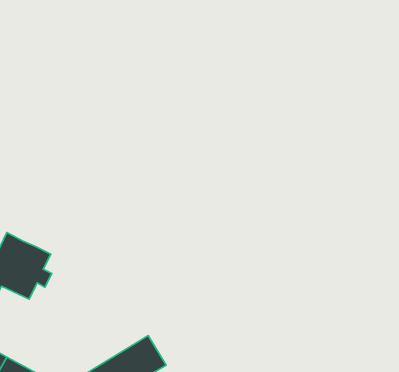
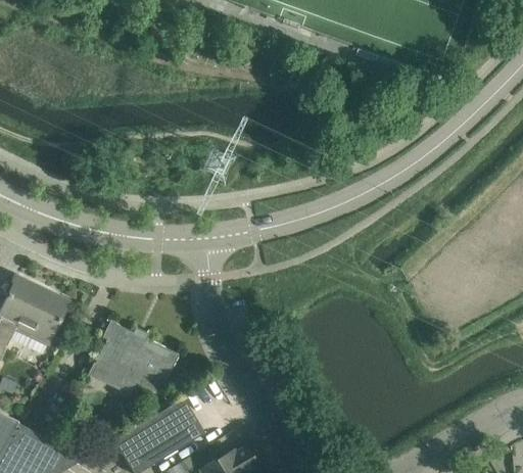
building: none -> [94,323,178,394]

